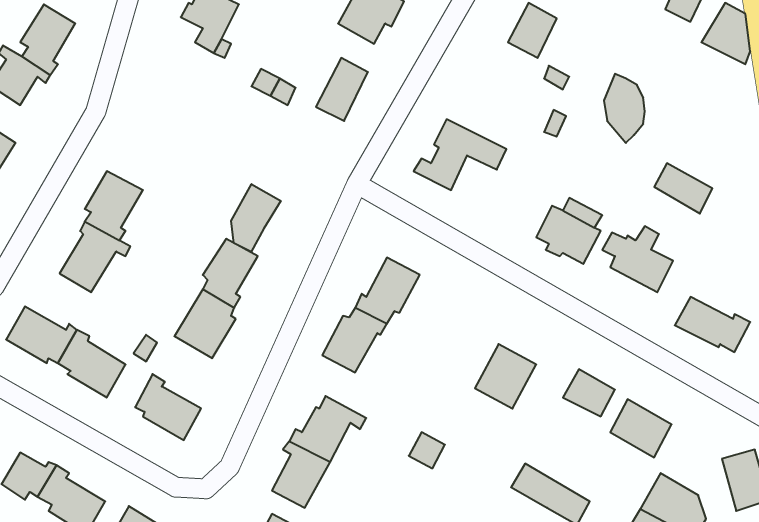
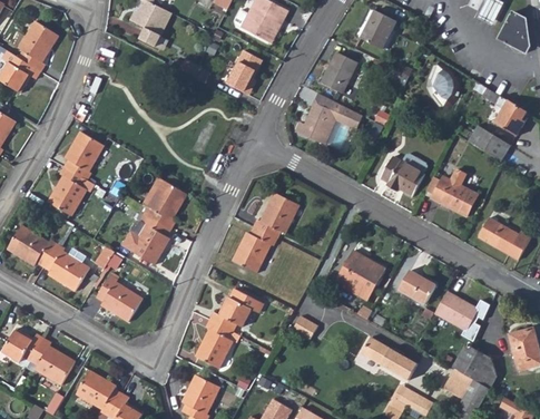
building: none -> [321,50,359,91]
building: none -> [491,96,528,136]
building: [231,184,281,252] -> none

